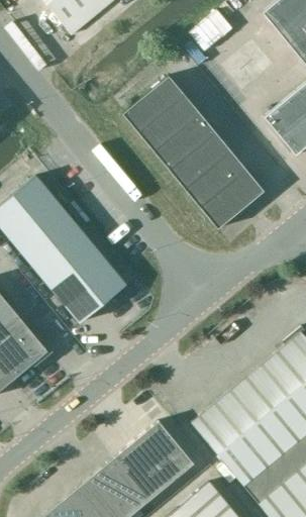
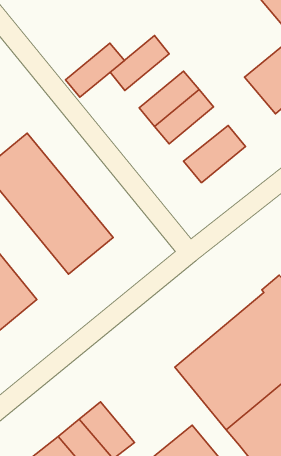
building: [138,94,200,150] -> [65,43,124,97]
building: [185,149,246,206] -> none
building: [113,420,194,500] -> none

